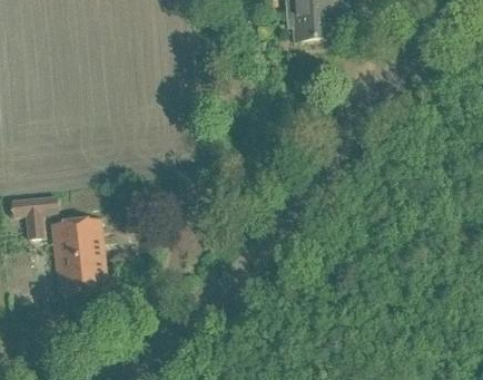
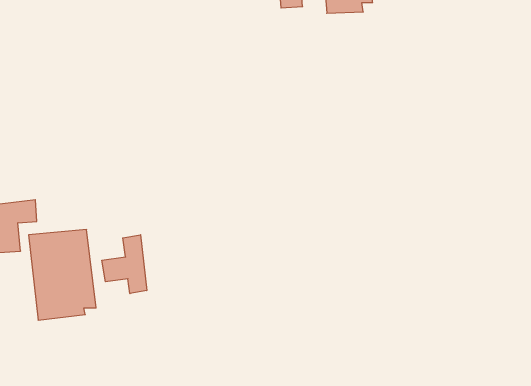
building: none -> [102,235,147,294]

